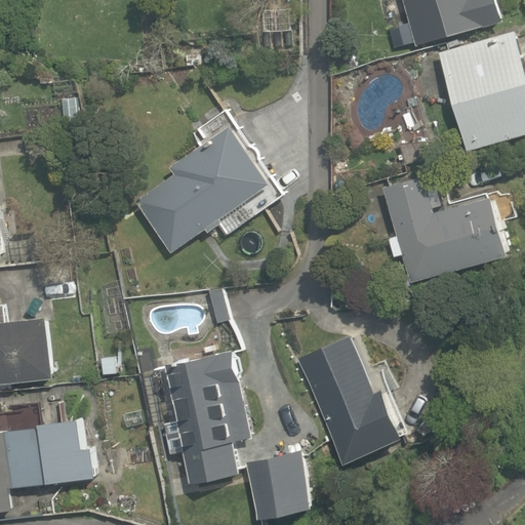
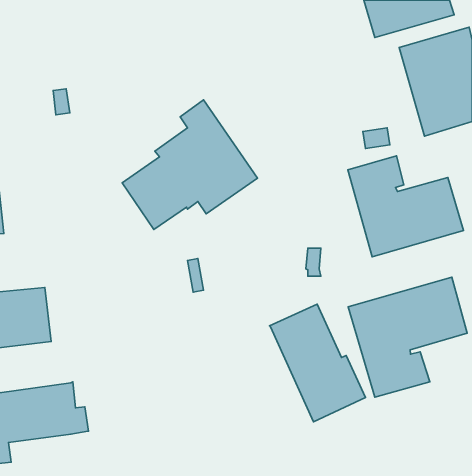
building: none -> [348,277,467,397]
building: [143,349,249,483] -> none
building: [245,450,314,519] -> none

